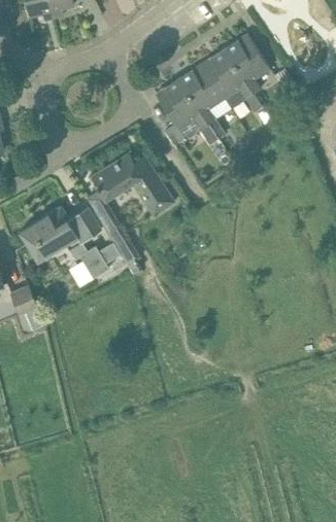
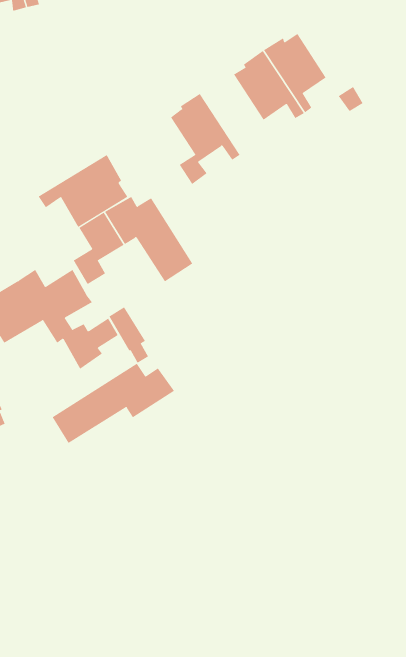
building: [178,67,224,125] -> none
building: none -> [38,154,128,228]
building: none -> [52,363,175,444]

